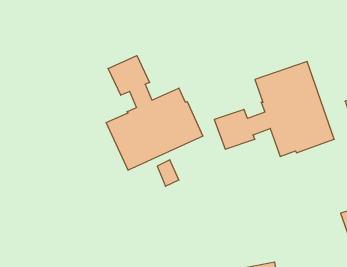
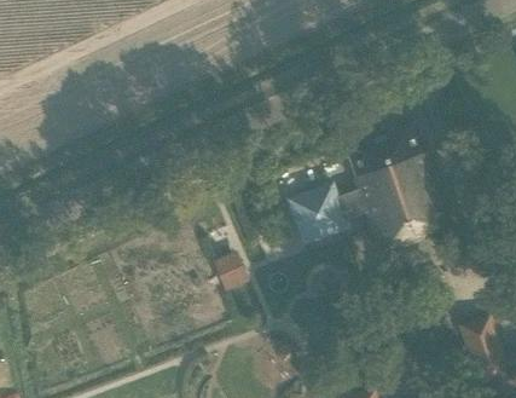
building: [106,56,203,170] -> none

